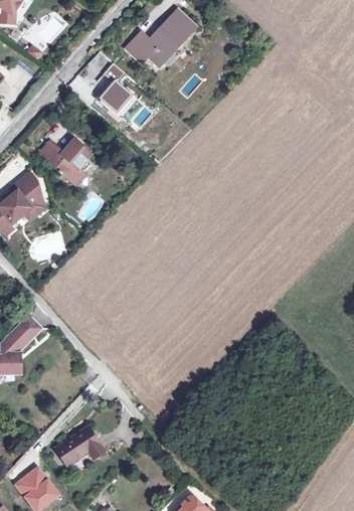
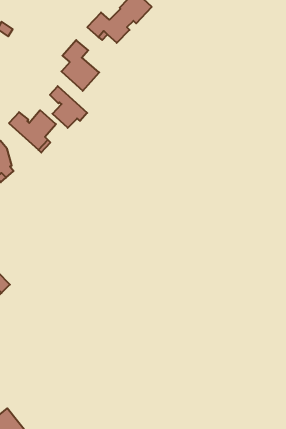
building: none -> [50,86,87,128]
building: [57,429,102,464] -> none

